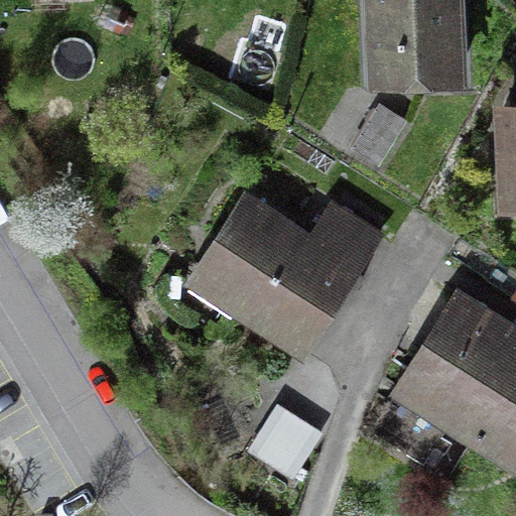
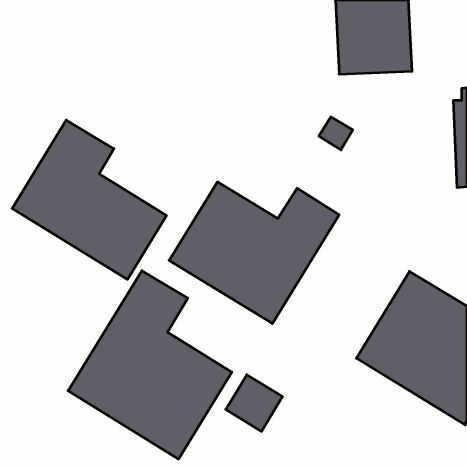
building: none -> [12,120,166,279]
building: none -> [68,271,232,459]

